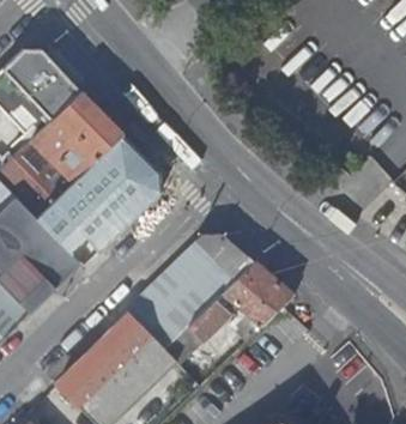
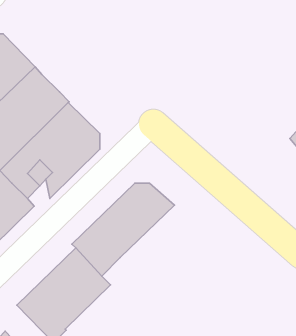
building: [163,261,293,364] -> none

